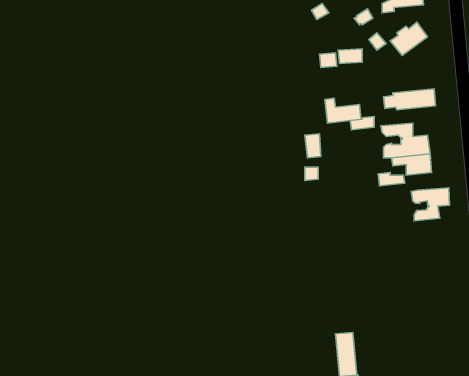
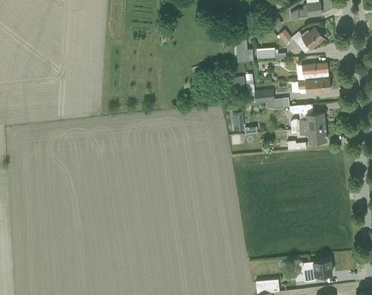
building: none -> [296,63,329,81]
building: [411,188,450,221] -> none
building: none -> [303,260,332,280]

